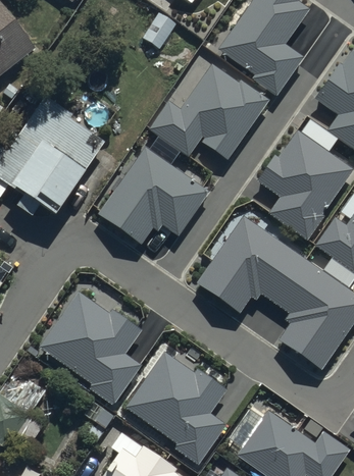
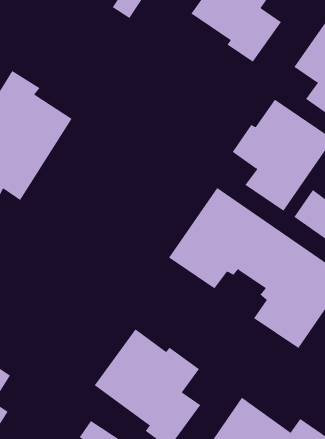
building: [151,62,269,157] -> none
building: [97,144,209,244] -> none
building: [40,290,143,406] -> none

